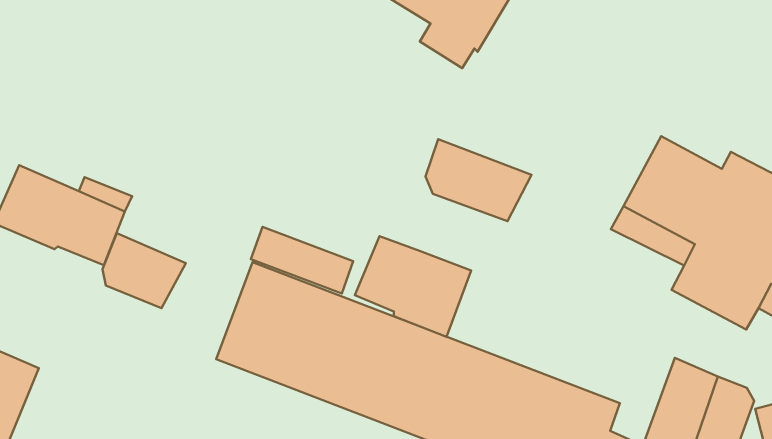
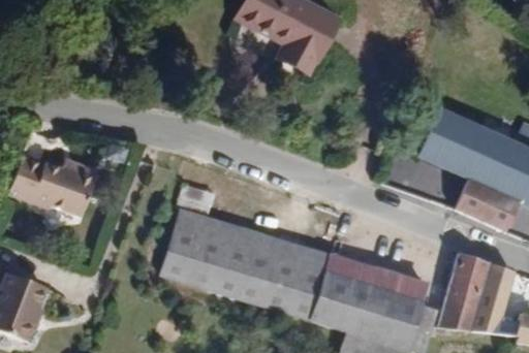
building: [426,139,532,221] -> none
building: [102,233,186,308] -> none
building: [355,236,471,337] -> none

